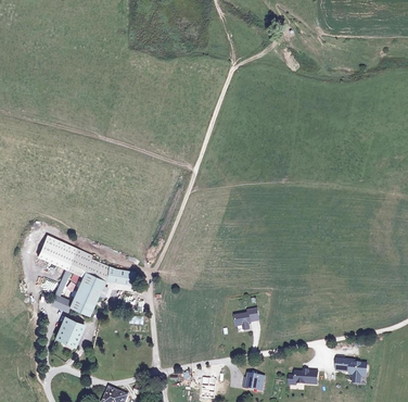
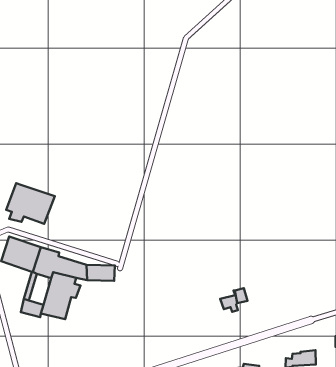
building: none -> [6,183,55,224]
building: [54,316,85,348] -> none

